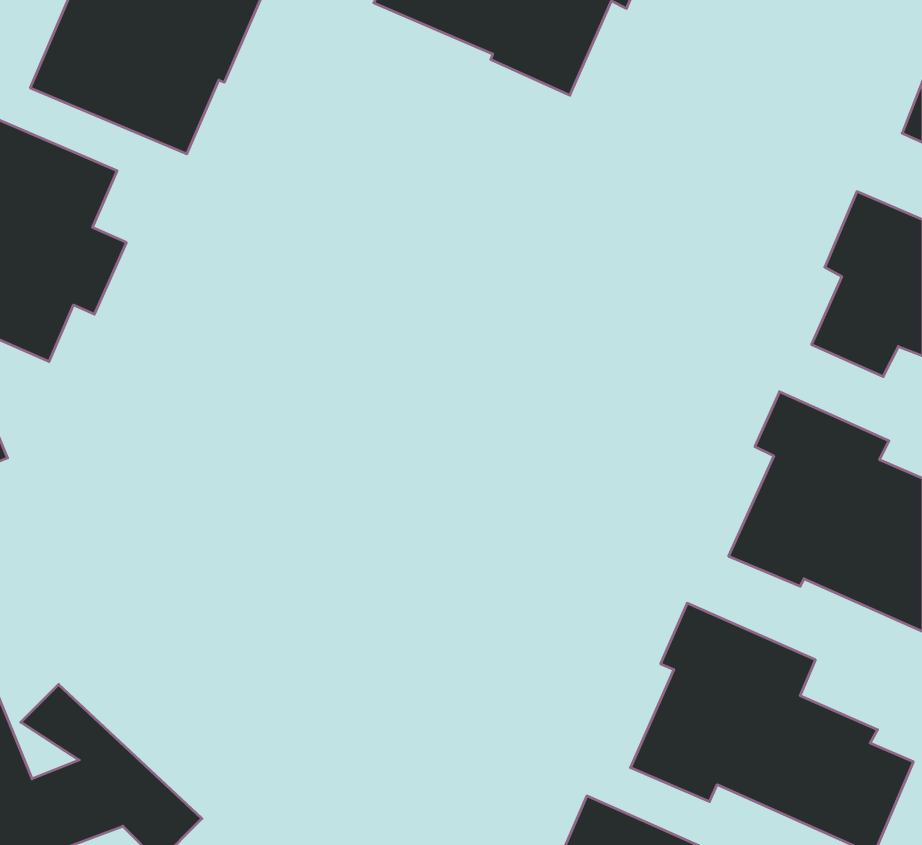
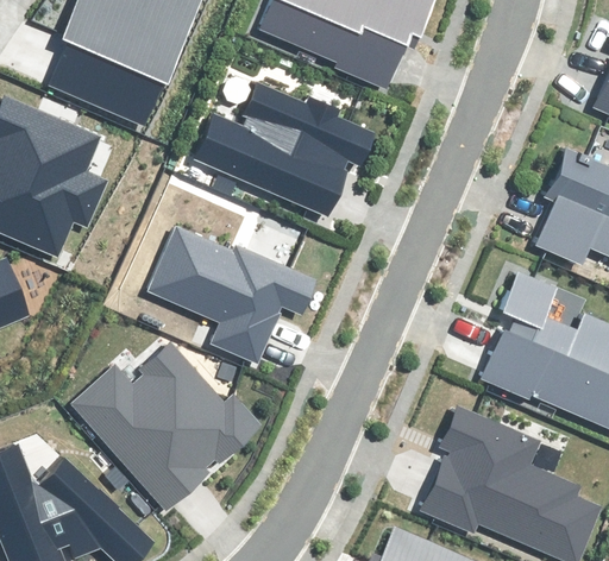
building: none -> [196,83,373,216]
building: none -> [149,228,315,363]
building: none -> [71,346,259,509]

